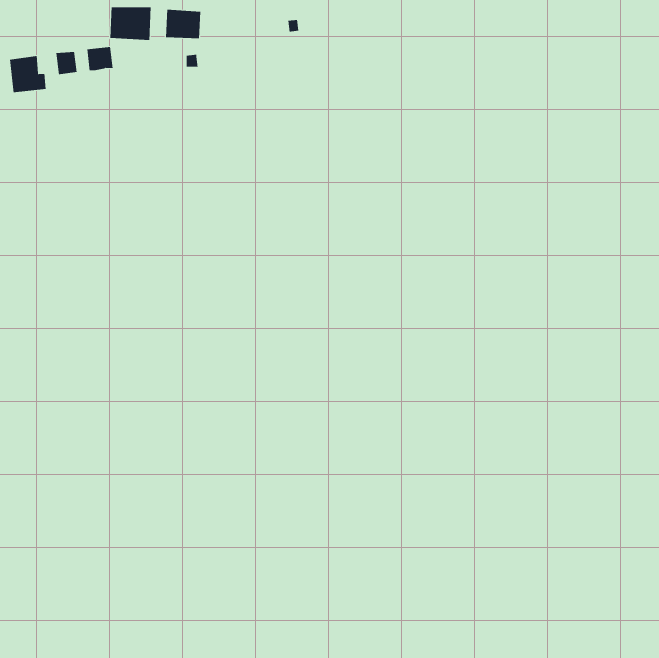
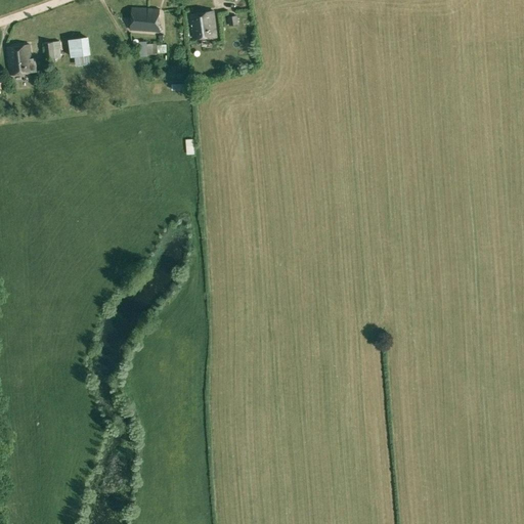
building: [110,6,151,41] -> none
building: none -> [190,12,216,40]

